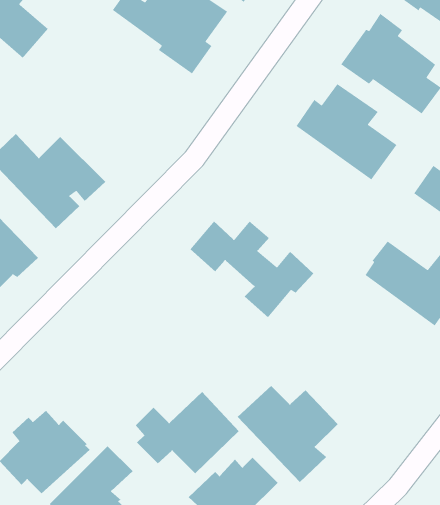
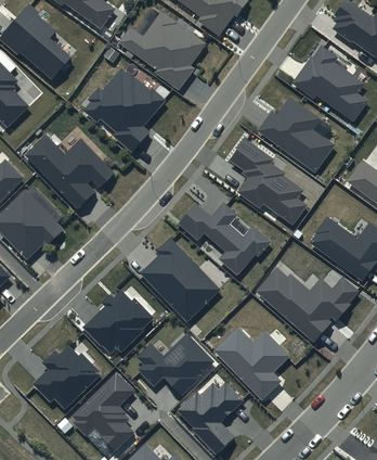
building: none -> [82,66,168,154]
building: none -> [229,138,308,226]
building: none -> [142,238,222,321]
building: none -> [256,267,360,342]
building: none -> [83,291,155,354]

